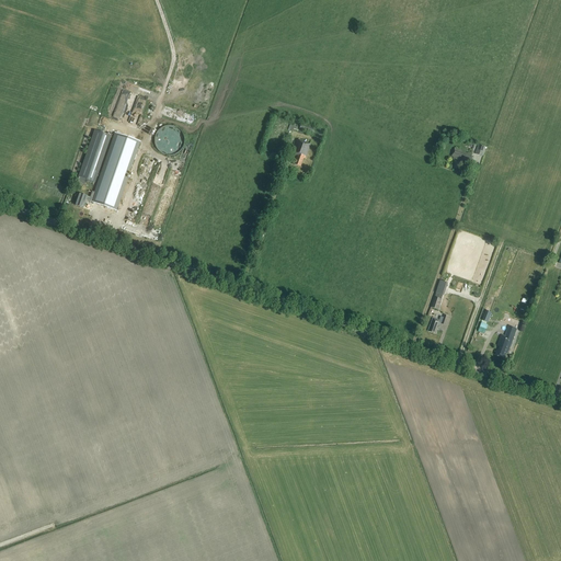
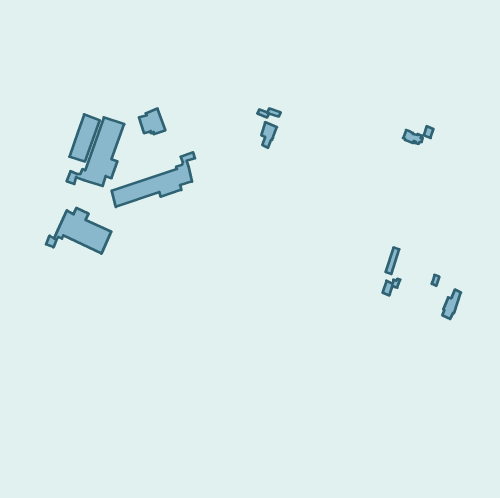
building: none -> [112,152,195,207]
building: none -> [46,208,111,254]

